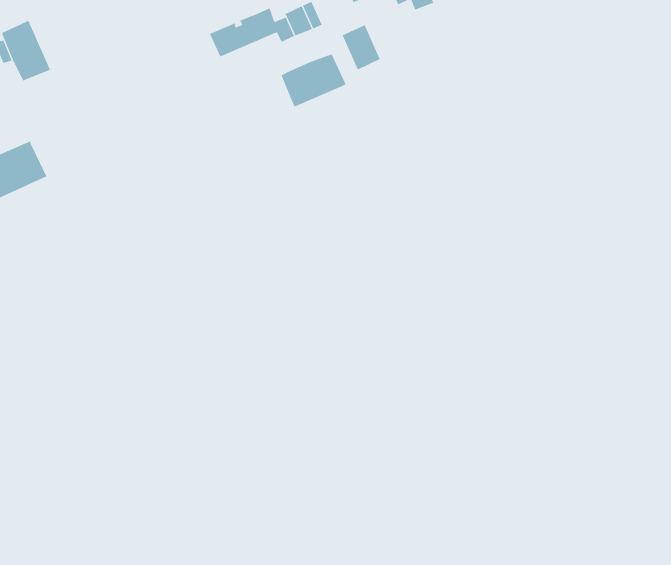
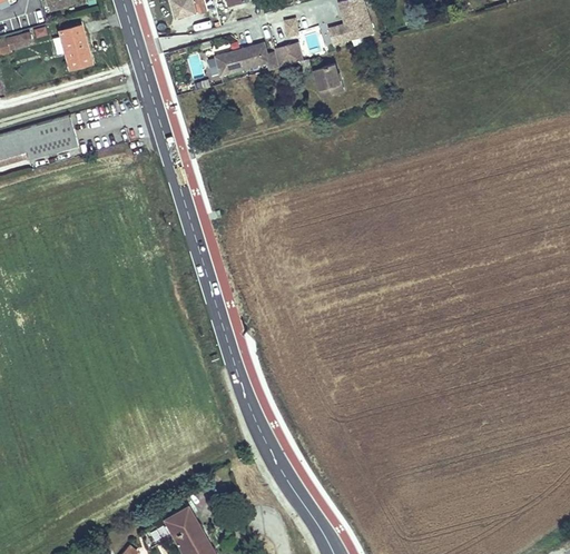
building: [281,53,346,108] -> none

